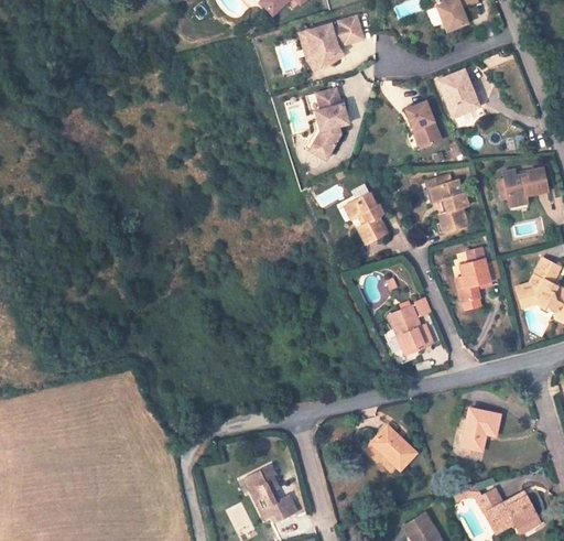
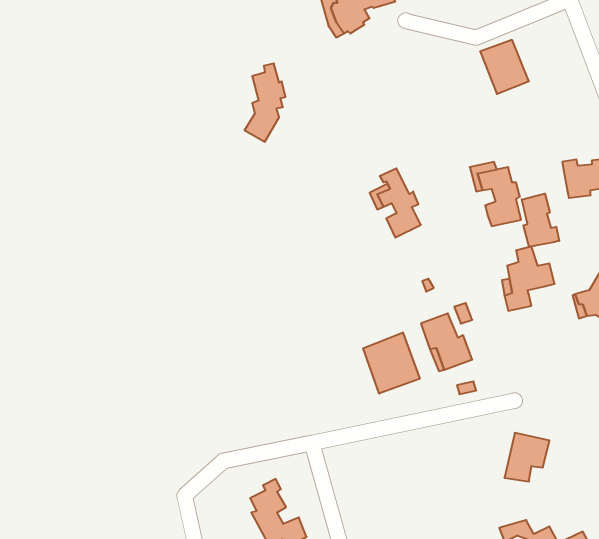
building: [312,88,347,155] -> [244,63,286,142]
building: [405,102,442,151] -> none
building: none -> [522,194,559,247]
building: none -> [363,332,420,394]
building: [369,423,414,466] -> none

